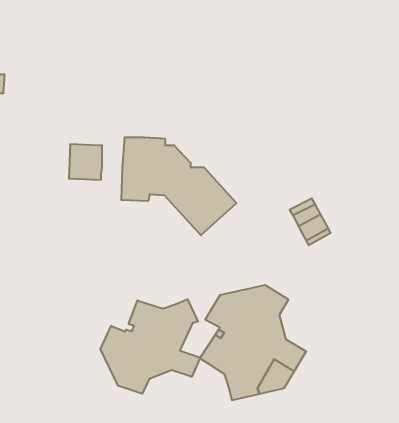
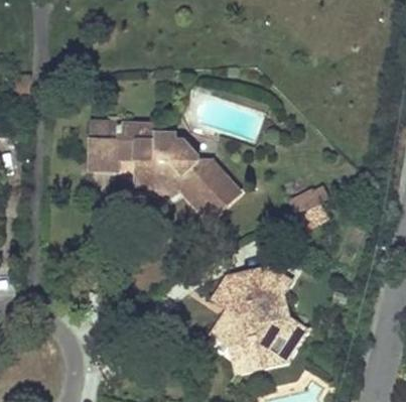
building: none -> [116,123,157,160]
building: [101,299,200,394] -> none

